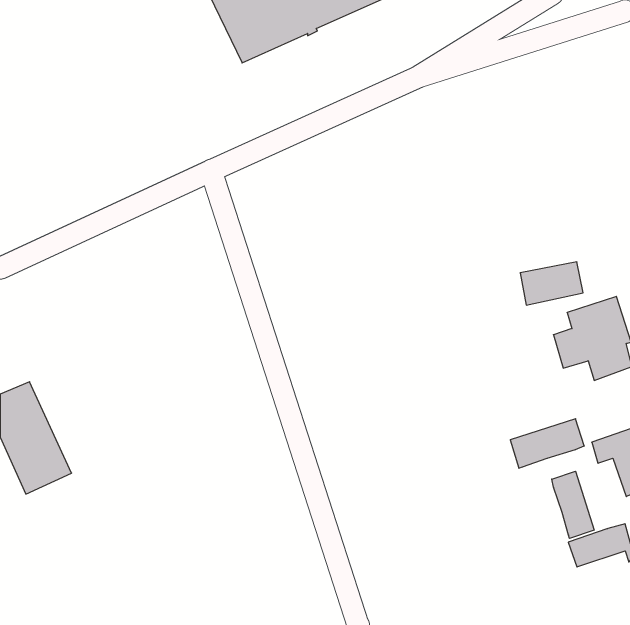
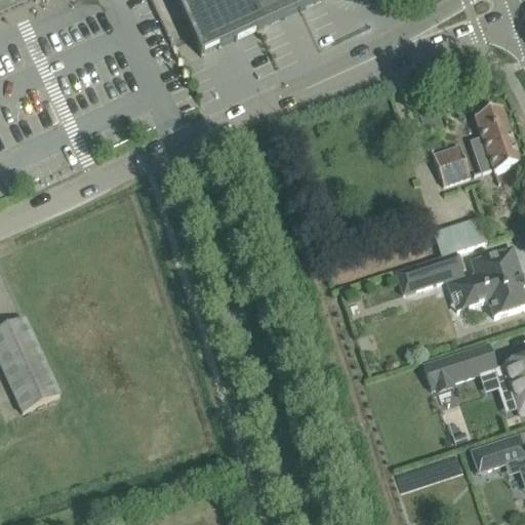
building: none -> [471,107,520,171]
building: none -> [433,144,471,185]
building: none -> [397,252,463,292]
building: [552,471,594,538] -> none

